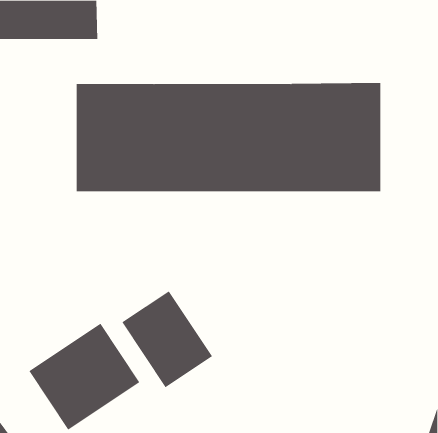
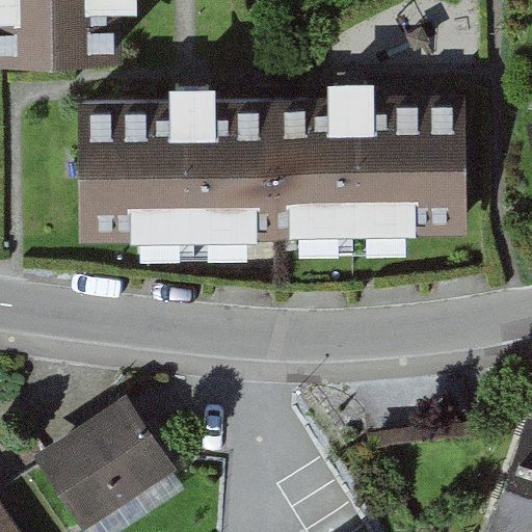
building: [122,290,213,388] -> none

